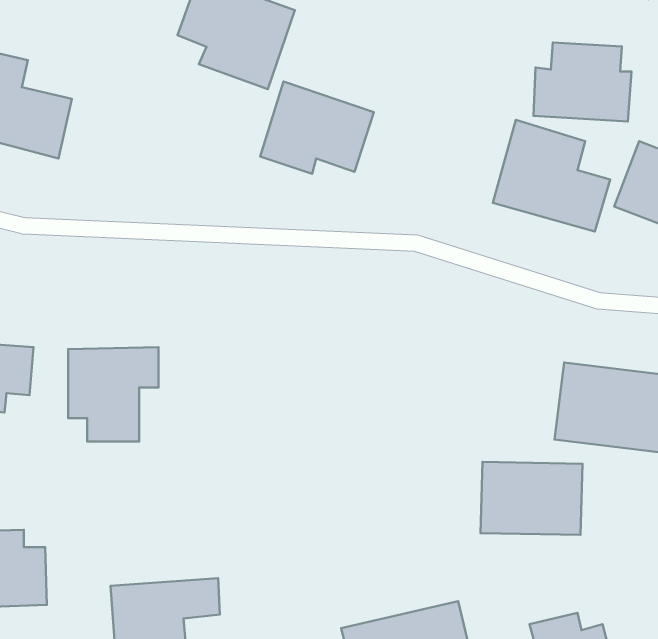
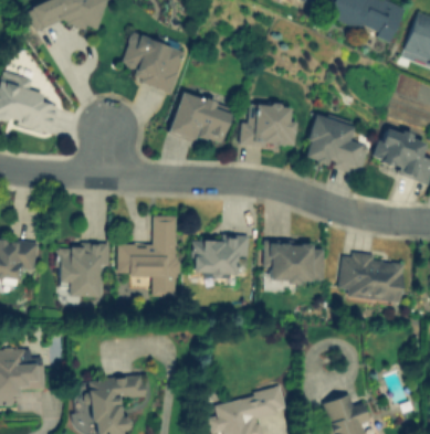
building: [534,43,632,122] -> [240,103,296,148]
building: none -> [117,215,179,297]
building: none -> [191,233,250,275]
building: [480,462,582,535] -> [265,242,324,284]

